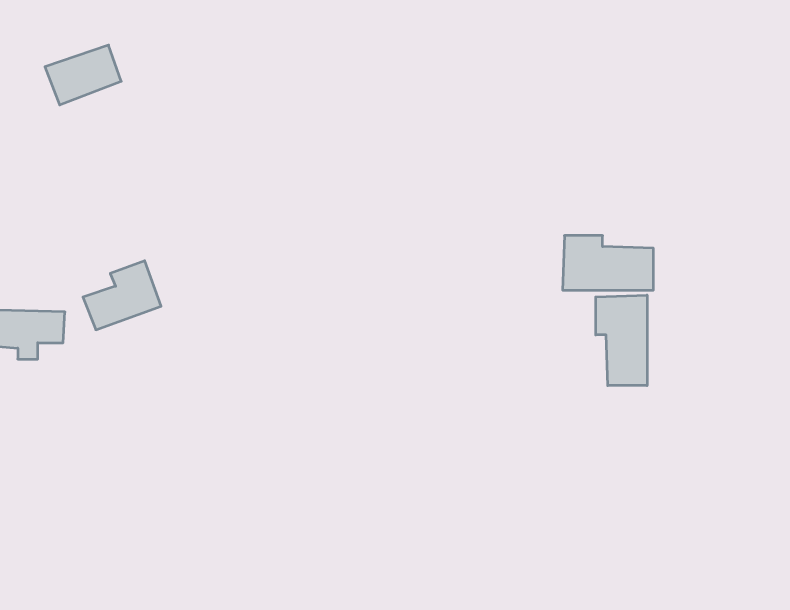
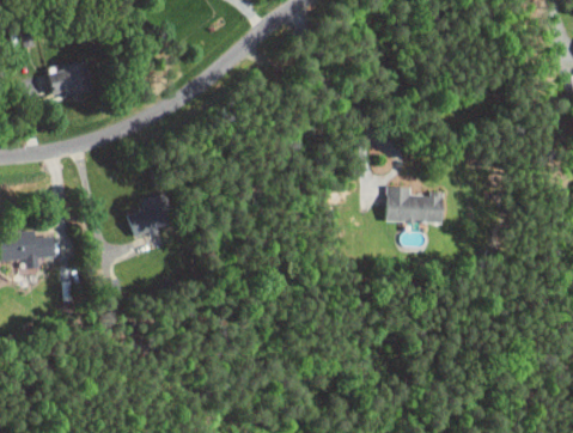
building: [83,261,161,330] -> [126,190,177,236]
building: [596,295,647,386] -> none

